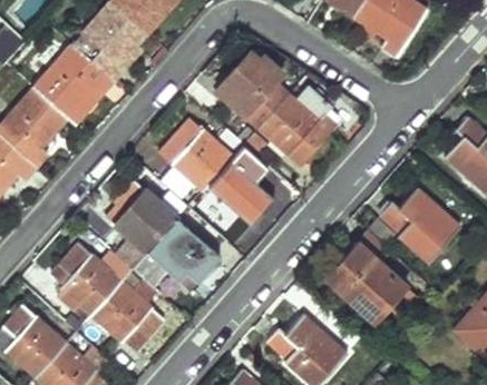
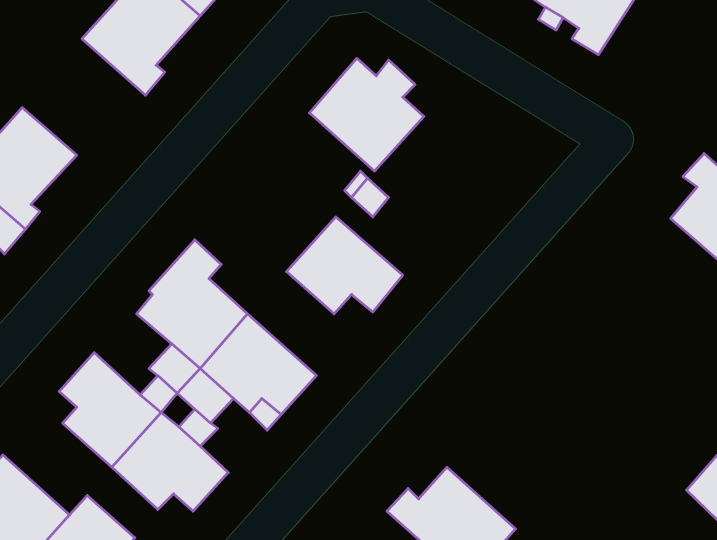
building: [32,45,113,118] -> none
building: [257,86,338,166] -> none
building: [158,117,233,191] -> none
building: [380,189,459,263] -> none
building: [324,238,411,324] -> none

